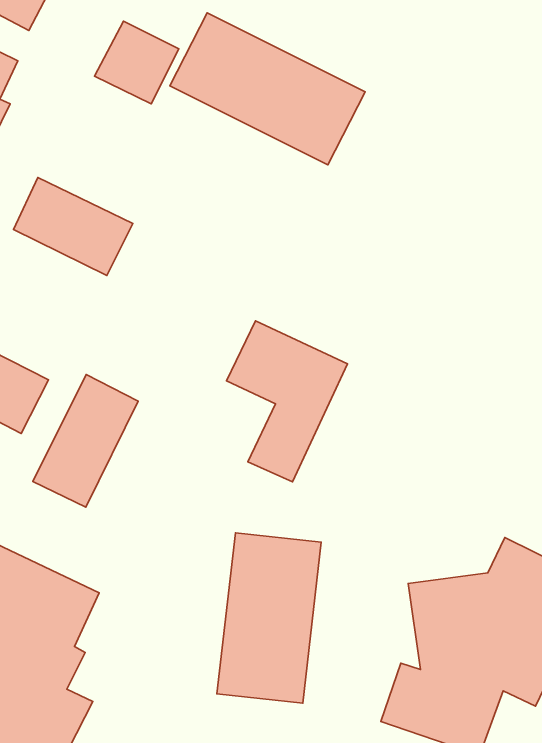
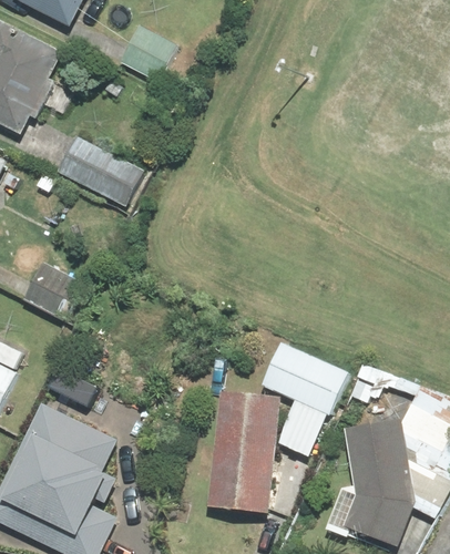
building: [170,13,365,165] -> none
building: [227,321,347,482] -> [260,341,348,458]
building: [33,374,138,507] -> none

